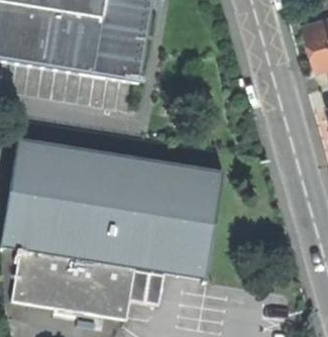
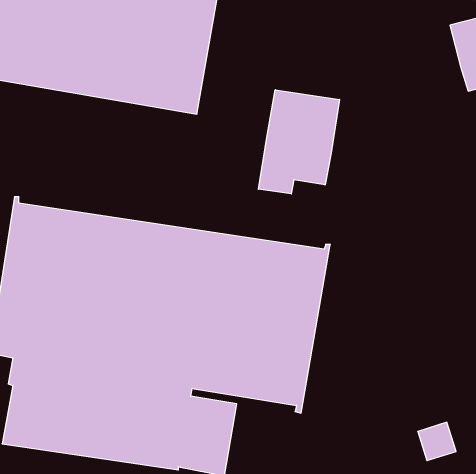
building: none -> [258,90,339,194]

